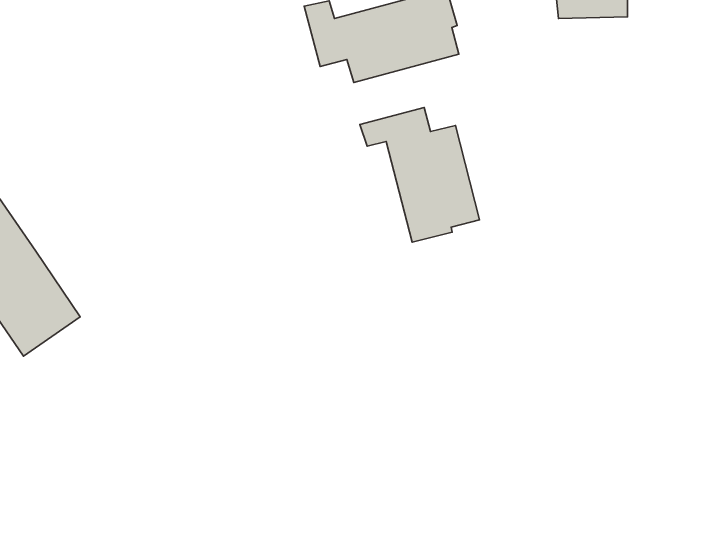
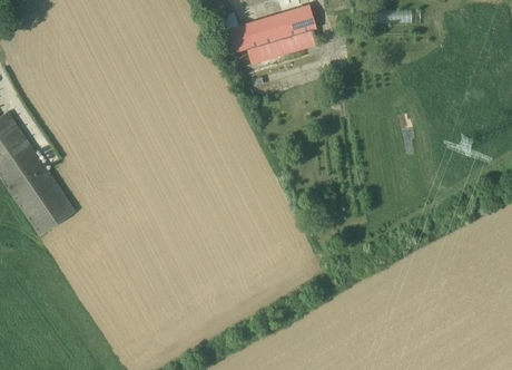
building: [360,108,480,242] -> none

